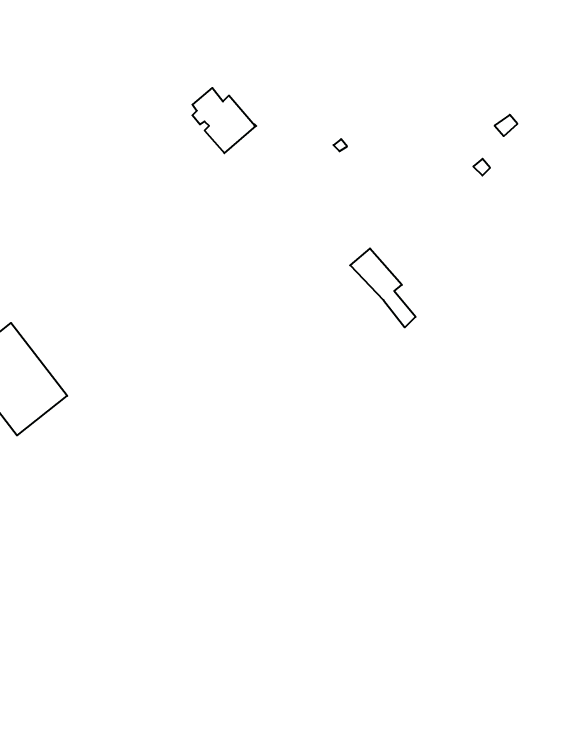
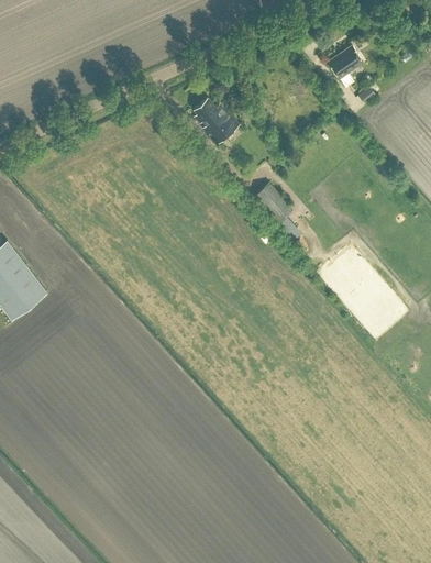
building: none -> [329,46,364,80]
building: [192,88,256,153] -> [195,99,241,146]

